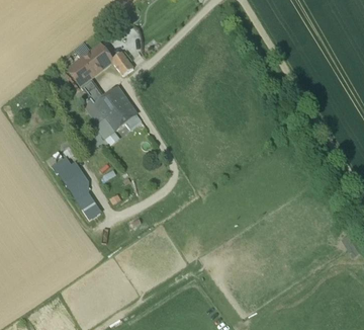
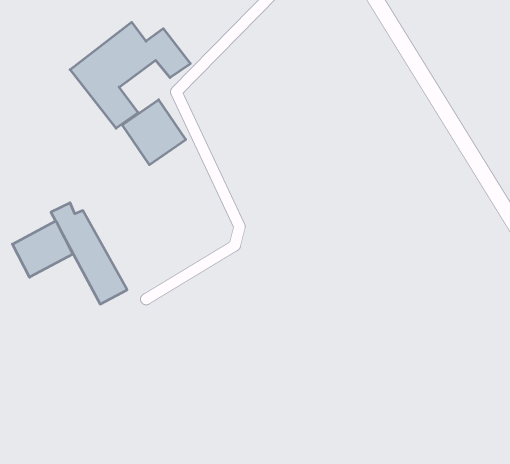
building: none -> [12,221,73,277]

